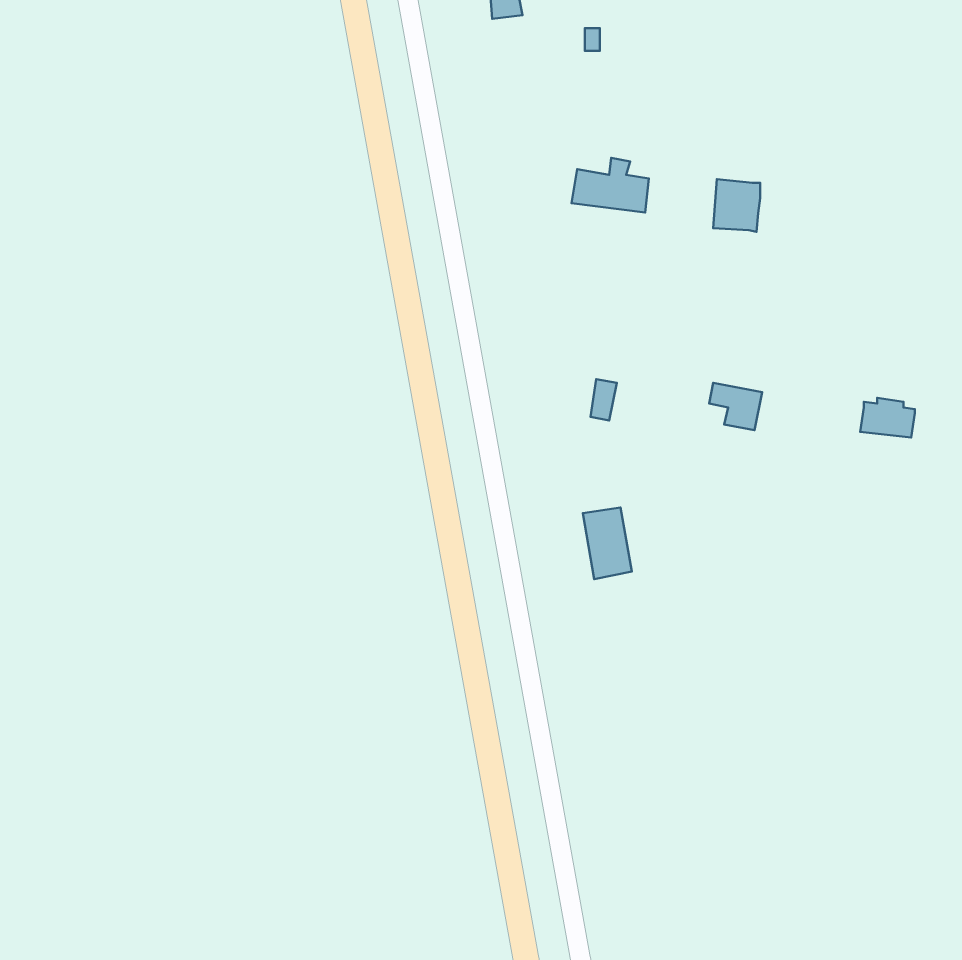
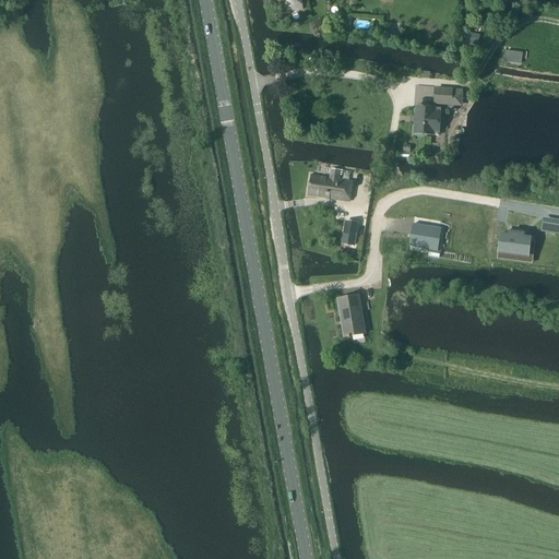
building: none -> [432,85,463,105]
building: [572,158,649,213] -> [307,167,352,199]

